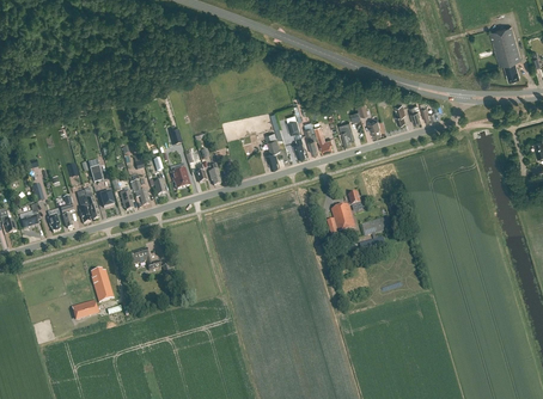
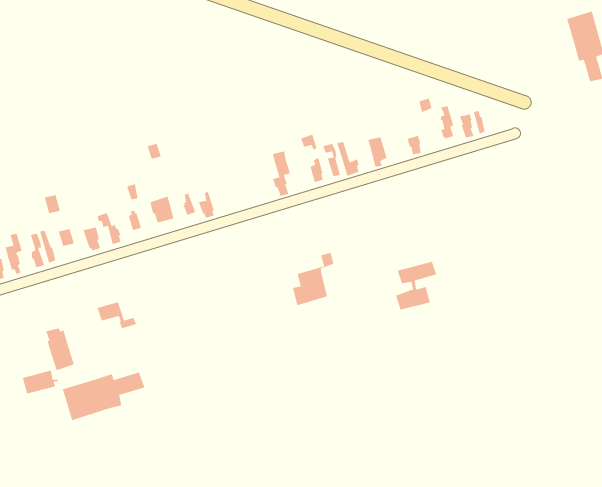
building: [328,190,360,232] -> [292,252,334,306]
building: none -> [62,371,146,421]

